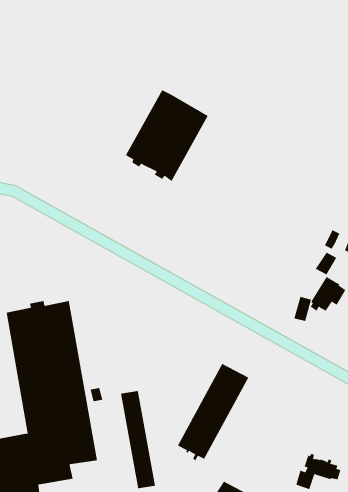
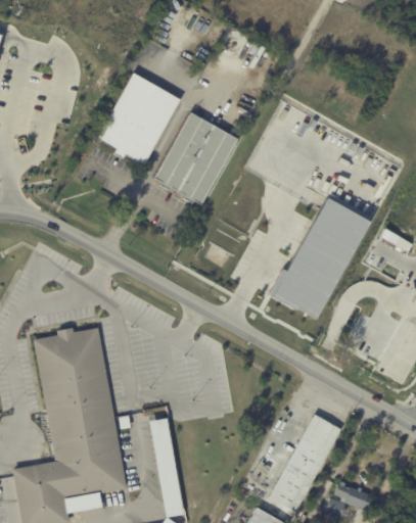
building: none -> [96,75,181,168]
building: none -> [272,196,369,316]
building: [177,363,249,462] -> [269,414,341,513]

